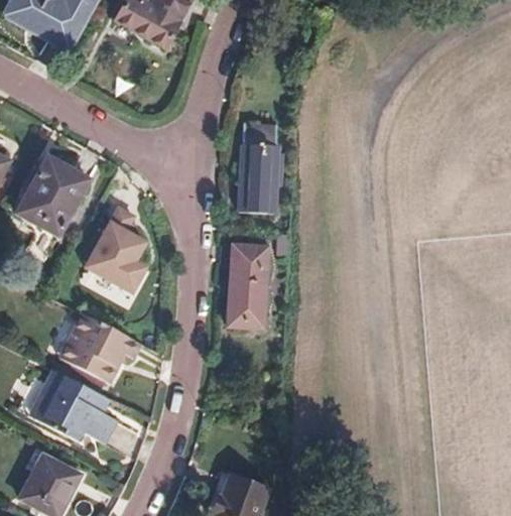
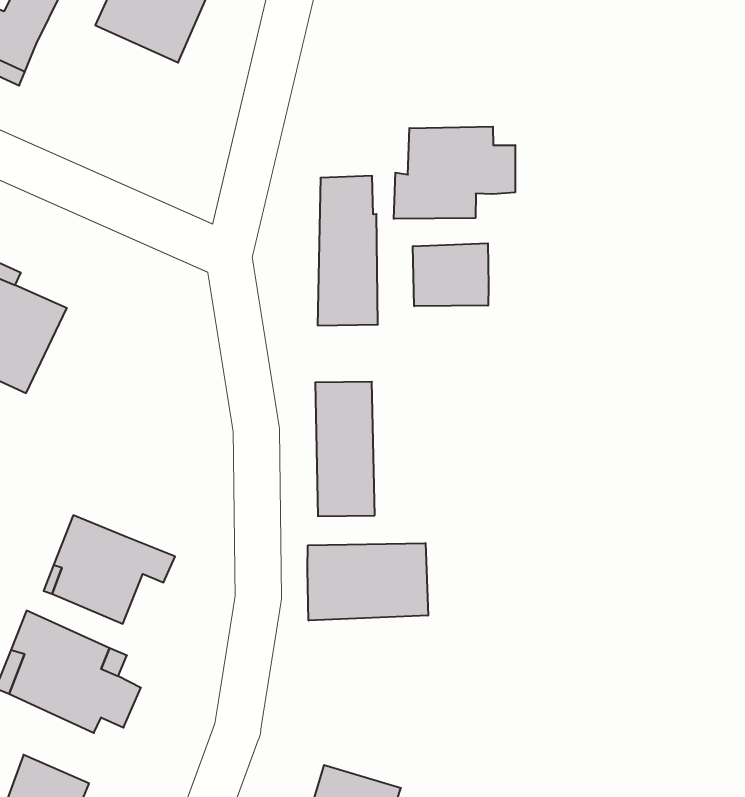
building: none -> [394,127,515,219]
building: none -> [413,243,488,306]
building: [87,209,148,292] -> none
building: none -> [308,543,428,621]

